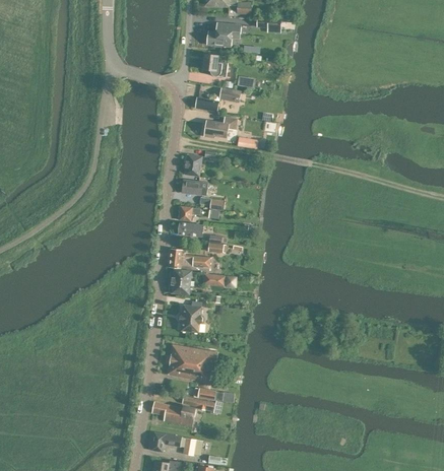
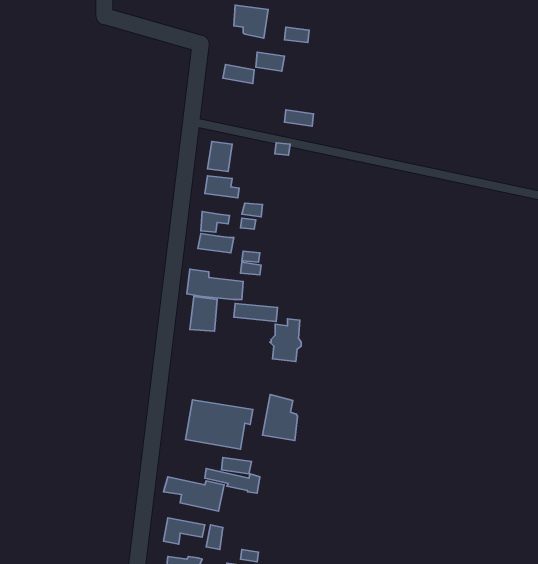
building: [203,116,237,137] -> none
building: [179,300,202,332] -> [270,319,301,361]
building: none -> [263,395,297,441]

